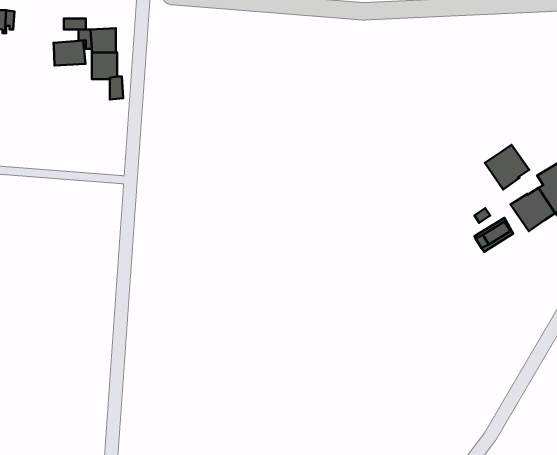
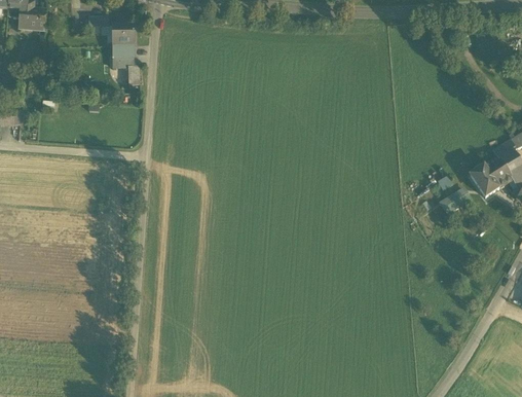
building: [54,40,86,65] -> none
building: [485,145,529,190] -> none

